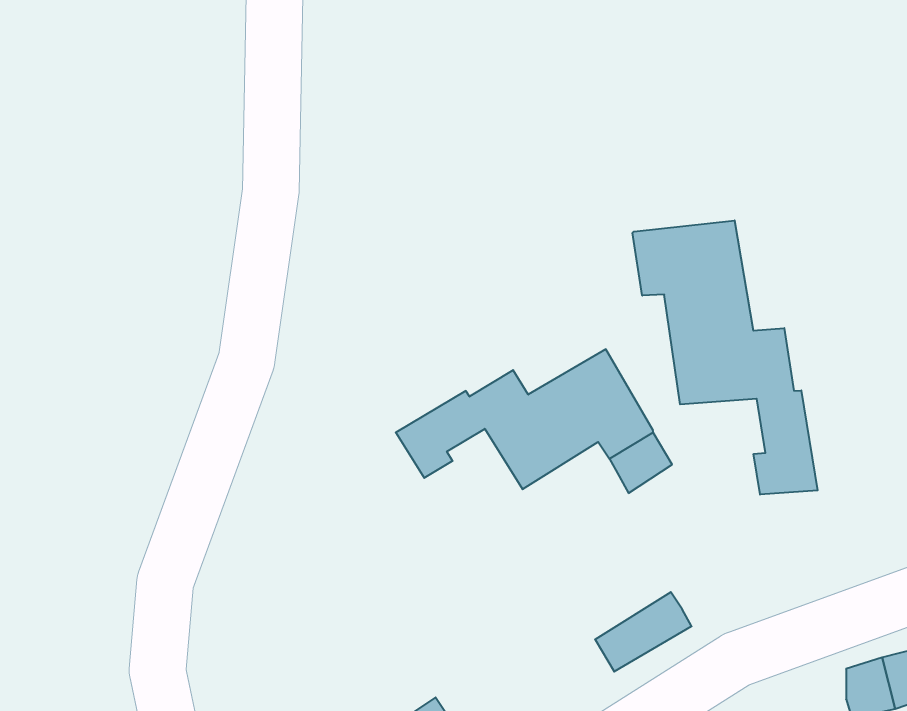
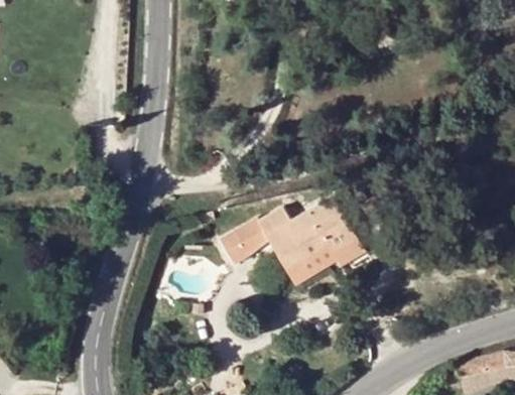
building: [633,220,818,495] -> none
building: [595,592,692,672] -> [286,245,338,287]

